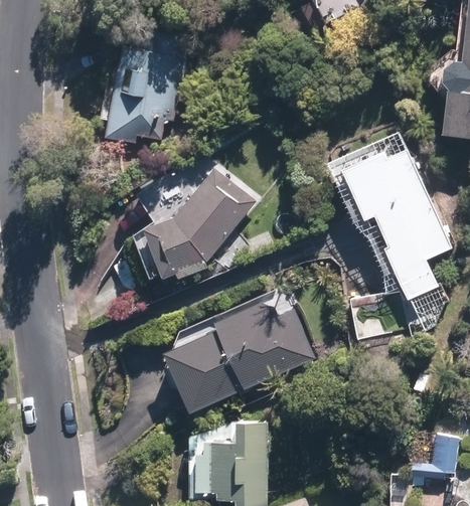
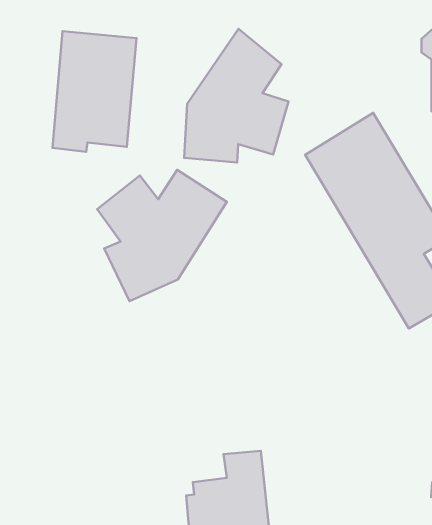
building: none -> [184,29,288,162]
building: [164,303,318,410] -> none

